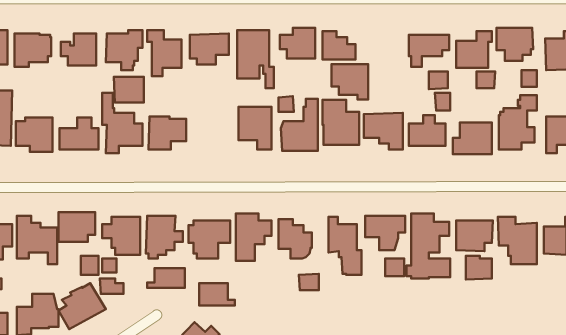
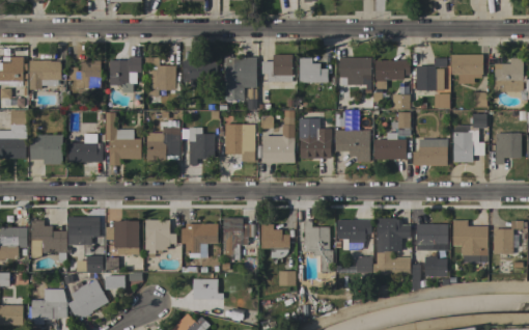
building: [332,64,368,100] -> [339,58,371,89]
building: [114,77,144,102] -> none
building: none -> [189,128,215,165]
building: [147,268,185,288] -> none

